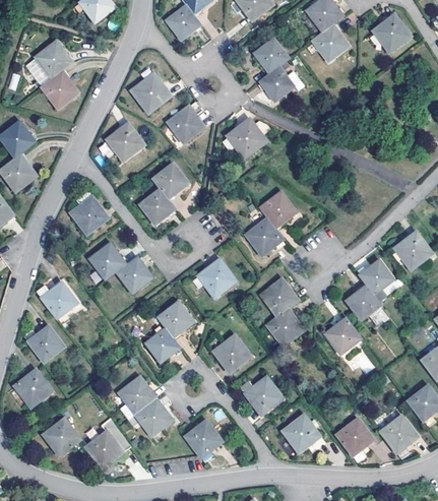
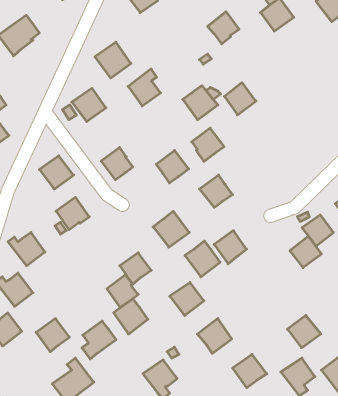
building: [261,66,296,102] -> [224,83,256,115]
building: [43,70,78,108] -> none
building: [151,163,187,198] -> [156,150,189,183]
building: [261,192,297,229] -> [192,128,224,161]
building: [115,256,152,294] -> none
building: [267,307,306,347] -> [185,241,220,277]
building: [326,320,363,356] -> [287,315,321,348]
building: [133,399,171,438] -> [114,299,148,334]
building: [43,420,79,456] -> [36,319,69,352]

